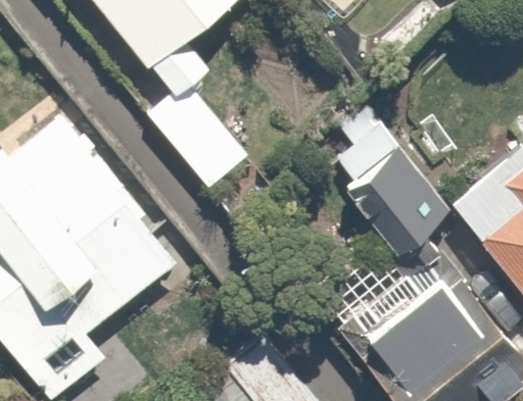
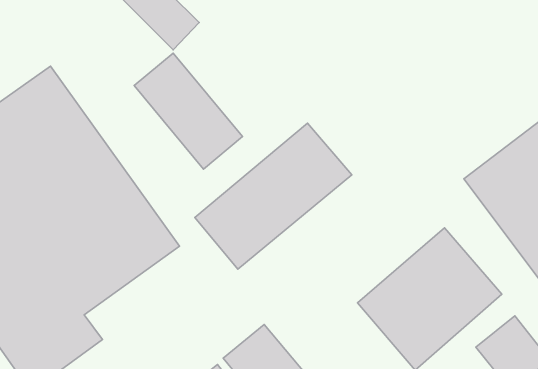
building: [334,123,448,248] -> none
building: none -> [195,123,352,269]

